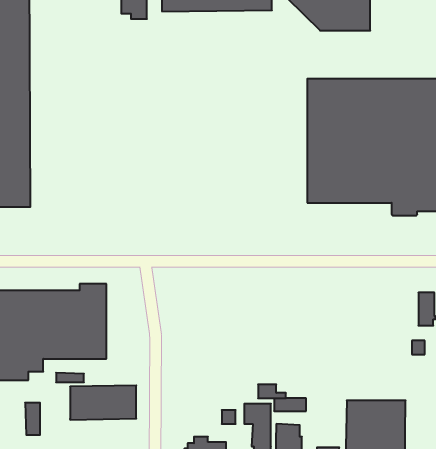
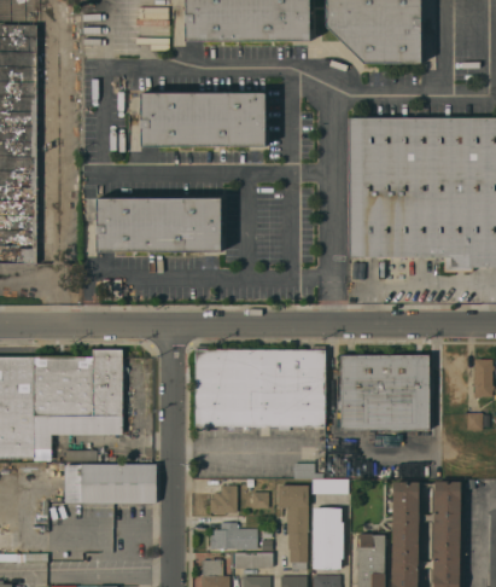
building: none -> [141,93,265,146]
building: none -> [95,198,221,251]
building: none -> [196,349,325,426]
building: none -> [340,355,428,429]
building: [25,403,40,435] -> [64,465,81,501]
building: none -> [210,486,237,515]

